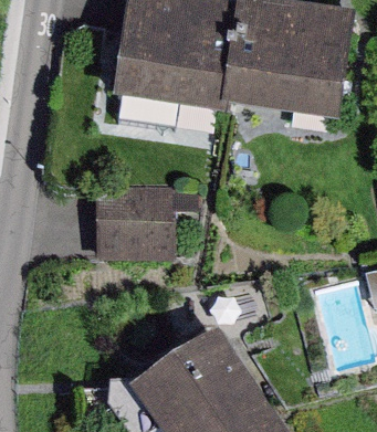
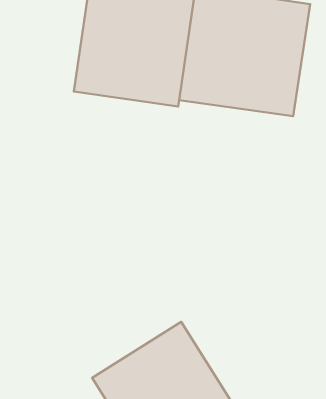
building: [96,177,175,255] -> none

